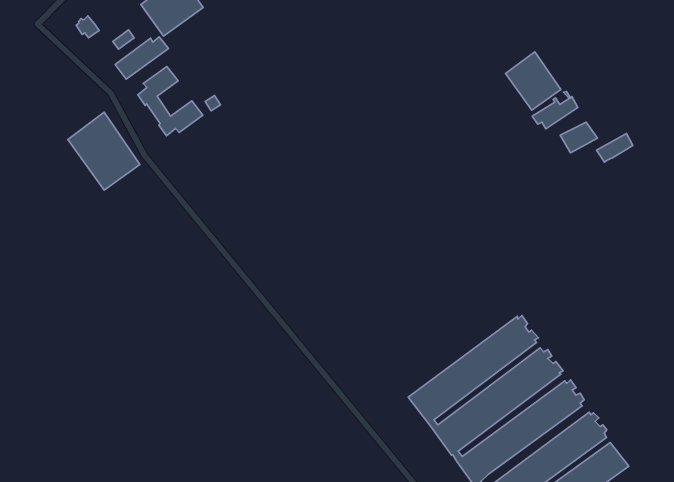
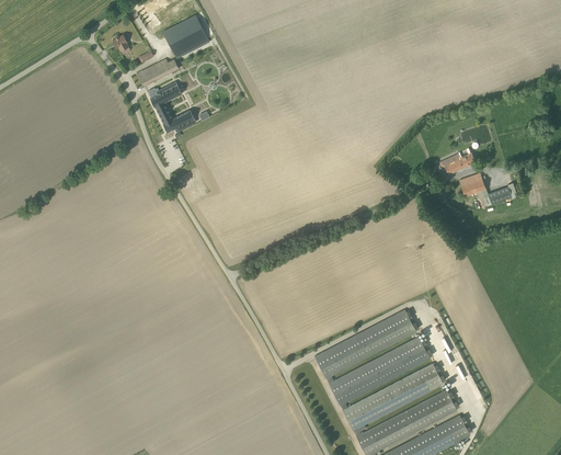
building: [506,52,561,110] -> none
building: [68,112,140,190] -> none

